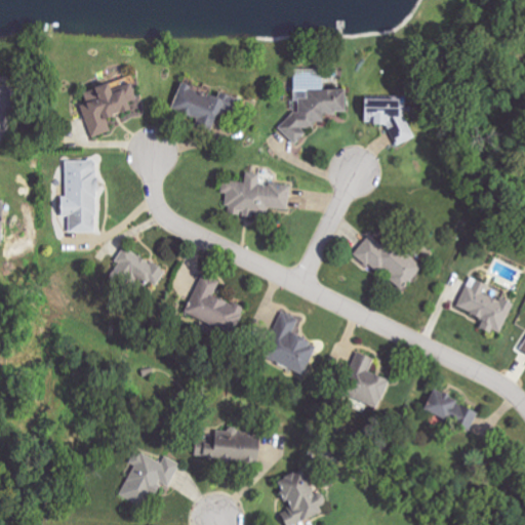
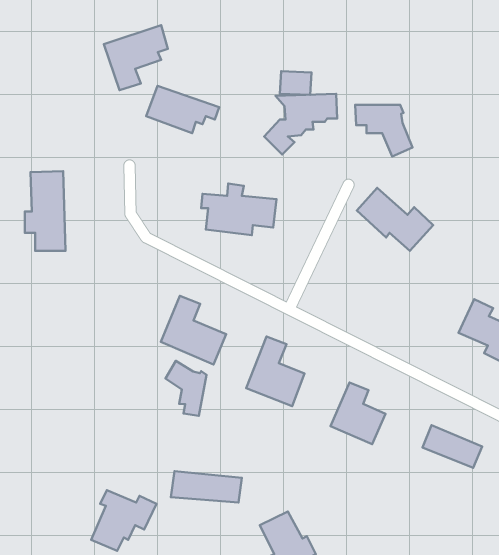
building: [77,77,135,136] -> [104,25,168,90]
building: [353,232,422,289] -> [357,188,433,251]
building: [110,245,165,293] -> none
building: none -> [165,361,207,416]

